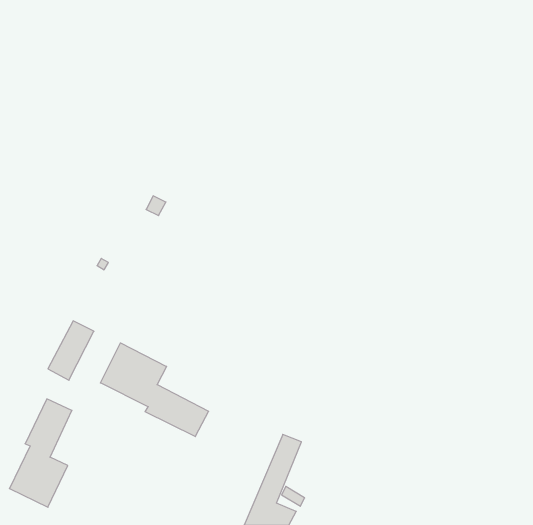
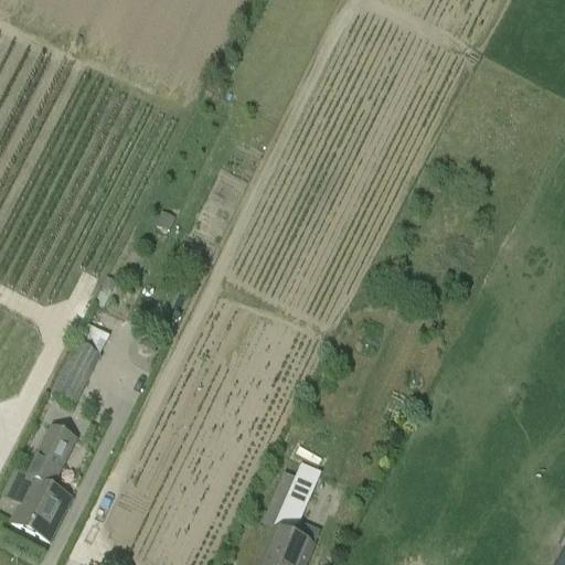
building: [100,343,209,437] -> none

